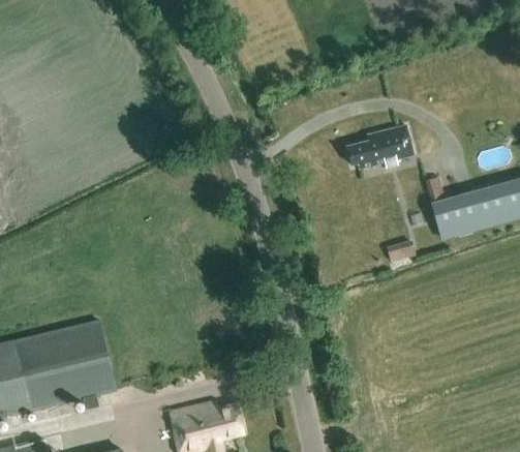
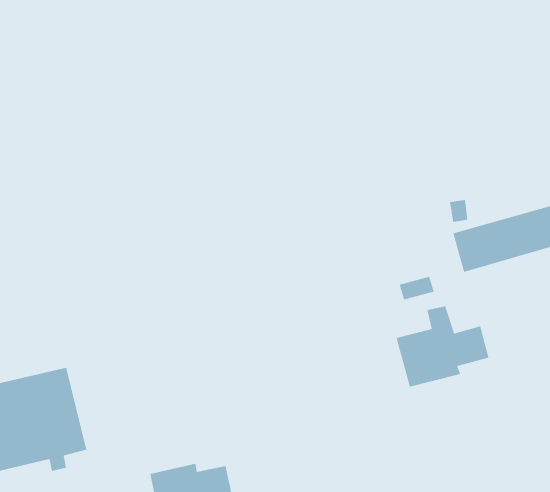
building: [348,125,412,168] -> none
building: none -> [396,306,489,388]

